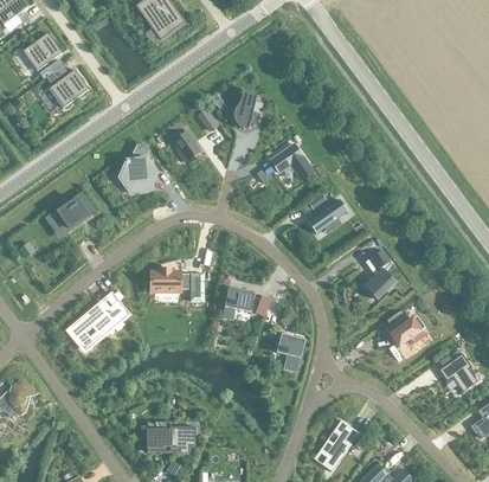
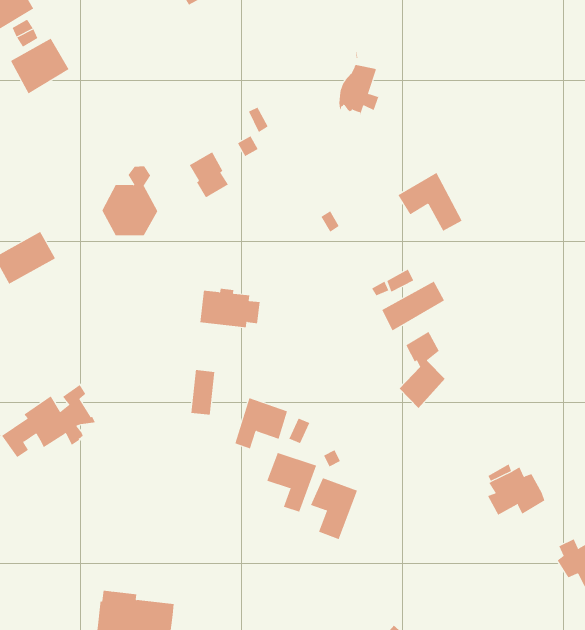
building: [232,88,258,128] -> [338,52,380,115]
building: [269,142,313,180] -> [398,172,462,232]
building: [366,249,395,300] -> [399,331,446,409]
building: [149,268,187,291] -> [199,288,260,328]
building: none -> [266,452,317,513]

